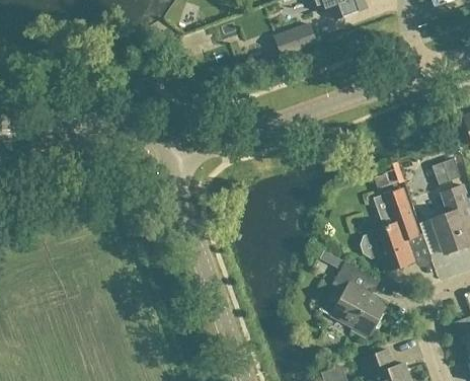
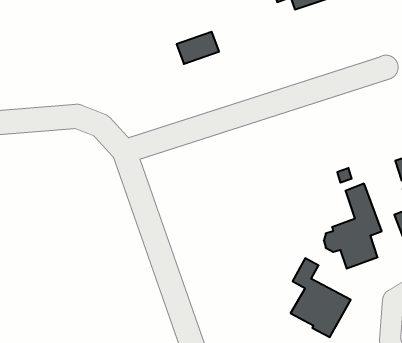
building: [278,22,319,54] -> [177,32,219,64]

